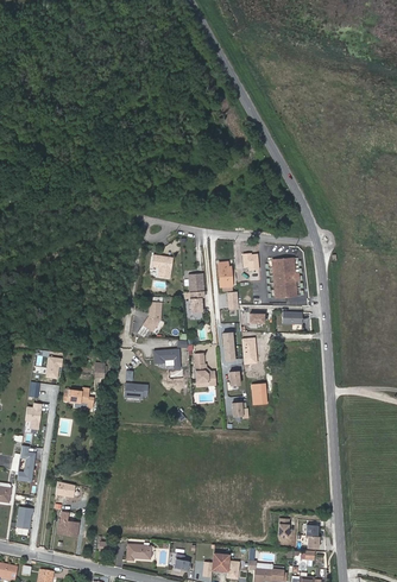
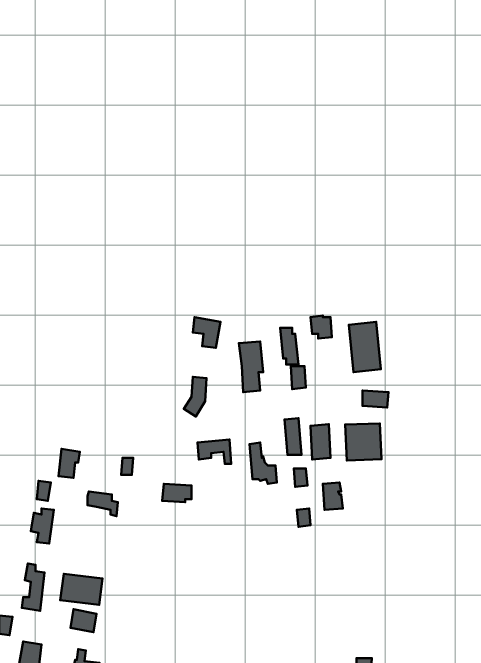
building: none -> [345,423,382,460]
building: none -> [60,574,103,605]

